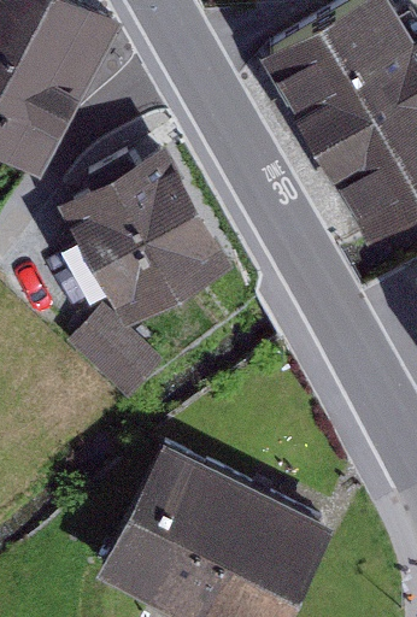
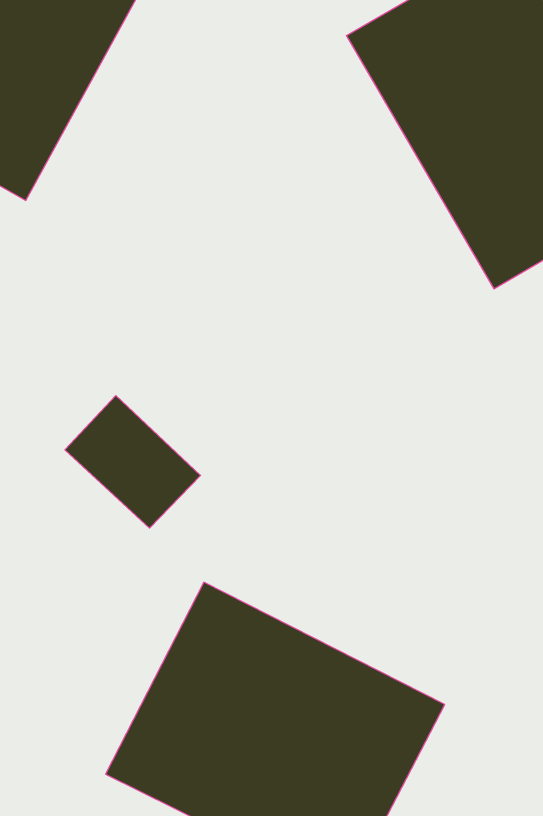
building: [57,147,233,329] -> none

